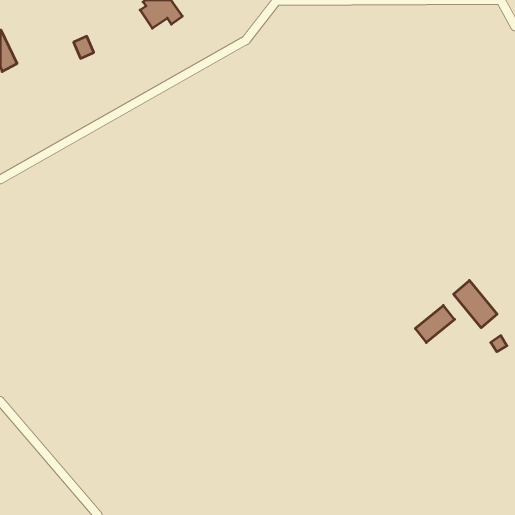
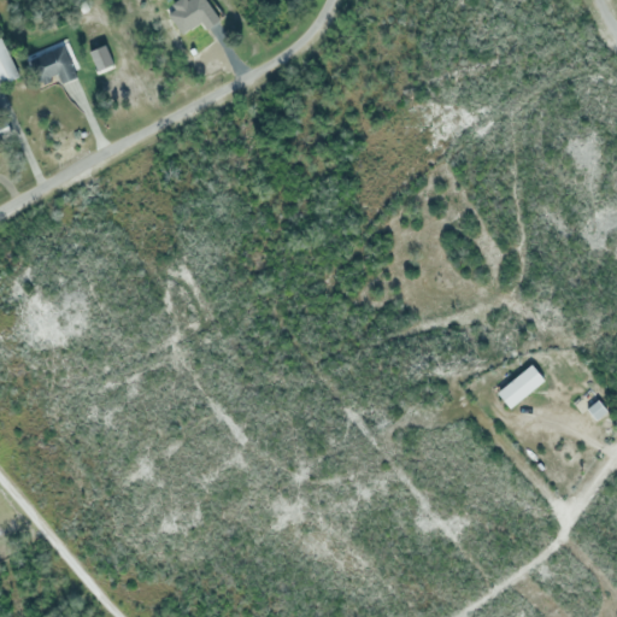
building: none -> [34,46,80,84]
building: [454,280,497,328] -> none

